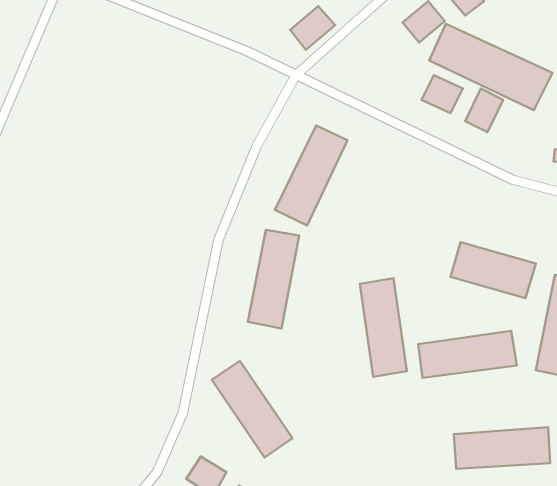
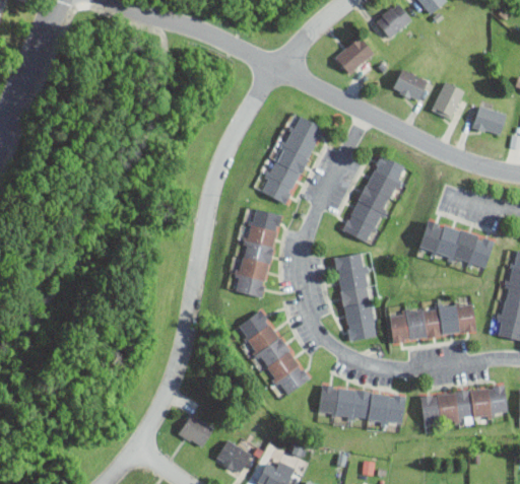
building: [290,6,335,50] -> [334,37,375,76]
building: [429,24,552,110] -> none
building: none -> [472,106,507,137]
building: none -> [342,154,409,246]
building: [212,361,293,457] -> [237,309,310,397]
building: none -> [318,386,406,427]

